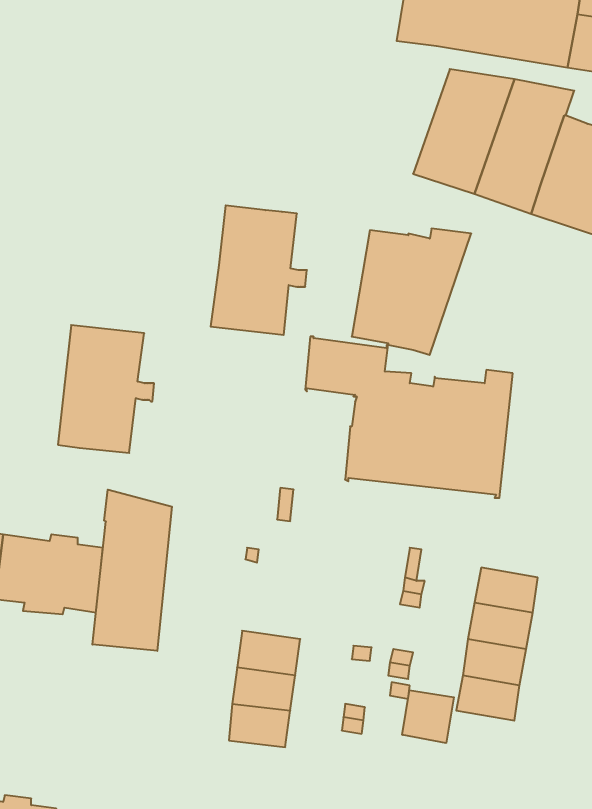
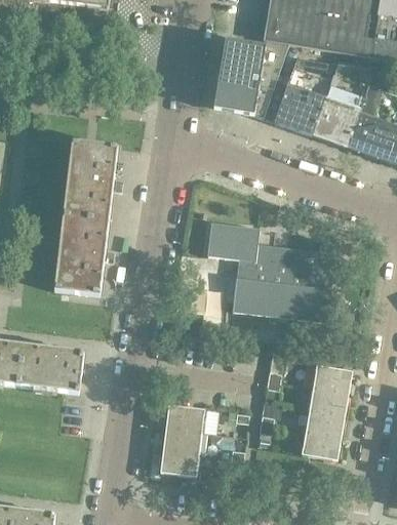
building: [211,205,307,335] -> [63,140,122,220]
building: [352,229,471,355] -> [214,40,288,118]
building: [92,490,172,651] -> none
building: [402,690,454,743] -> none

